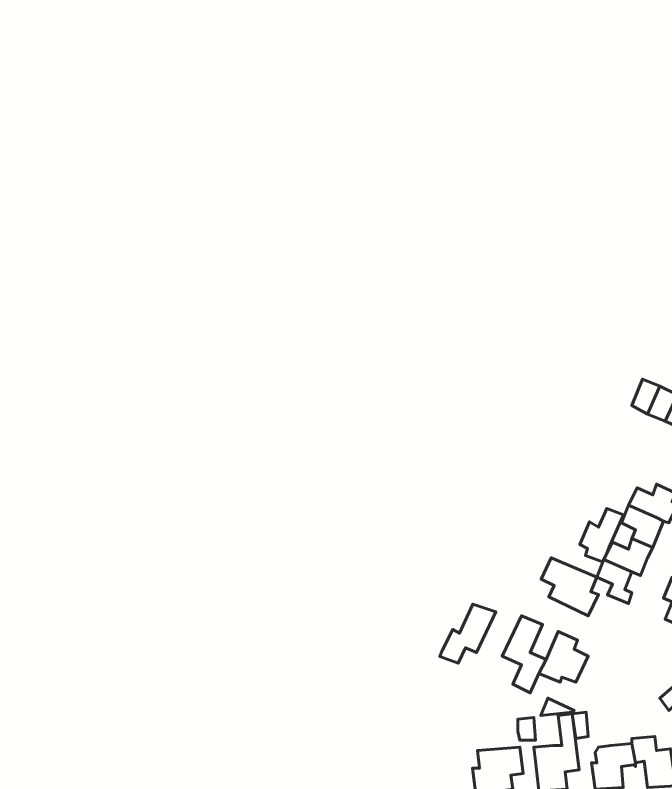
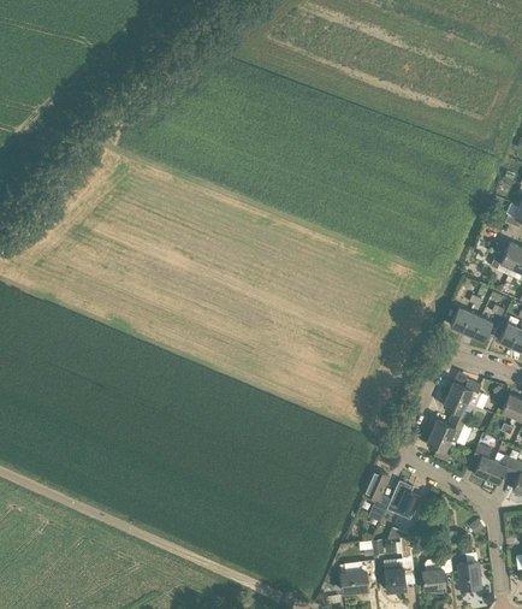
building: [580,509,624,562] -> none
building: [541,558,598,616] -> none
building: [440,604,496,663] -> none

